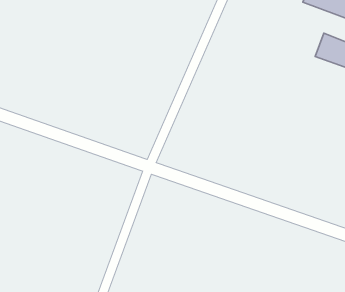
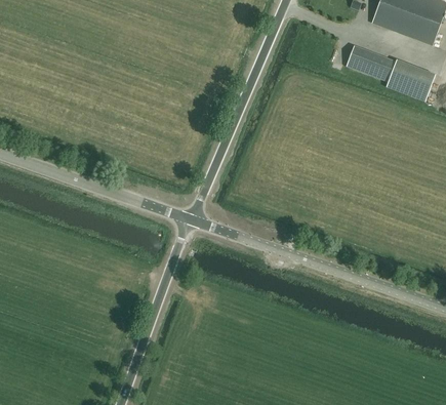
building: none -> [346,45,394,81]

